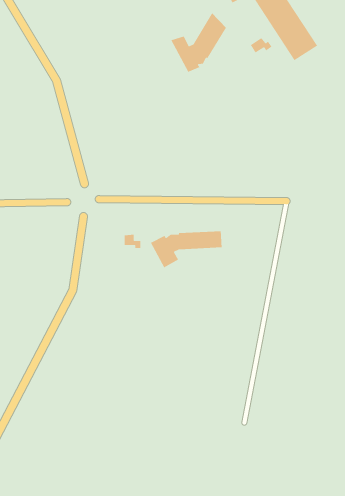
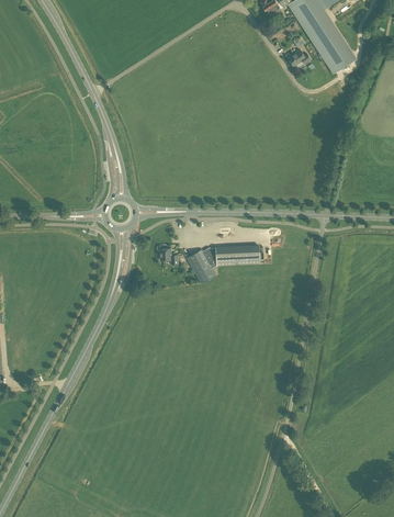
building: [170,12,227,73] -> none

